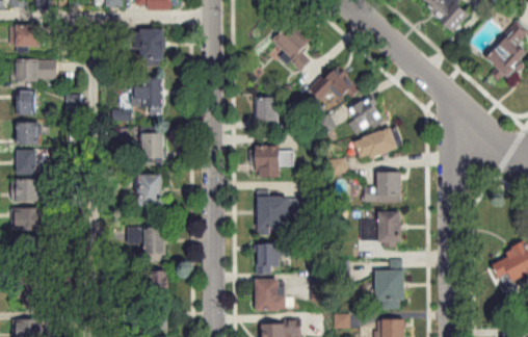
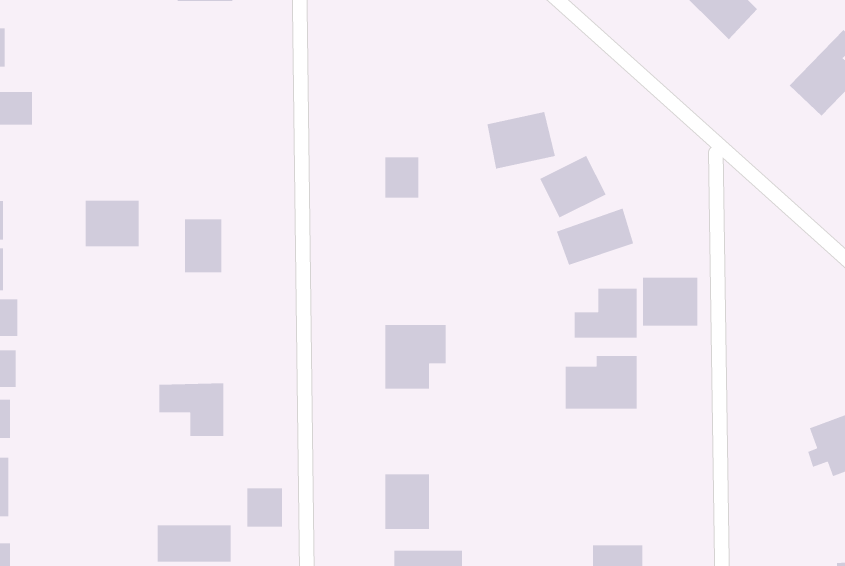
building: [271,20,311,67] -> none
building: [135,31,163,59] -> none
building: [130,81,161,108] -> [85,200,140,247]
building: [255,147,292,177] -> none
building: none -> [642,277,698,326]
building: [137,175,162,212] -> none
building: [256,244,289,275] -> none
building: [375,269,403,308] -> none
building: [147,271,167,294] -> [246,488,283,528]

